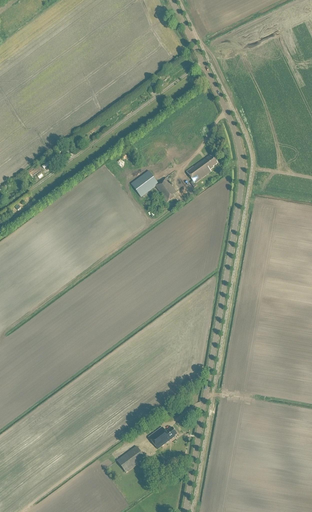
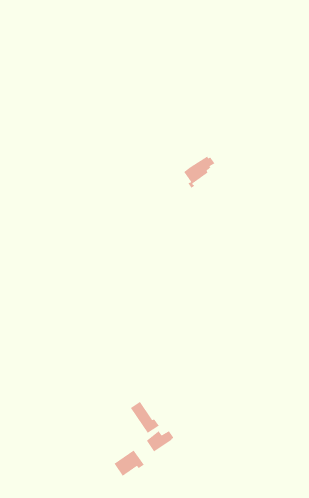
building: [130,170,176,201] -> none
building: none -> [130,401,160,434]

